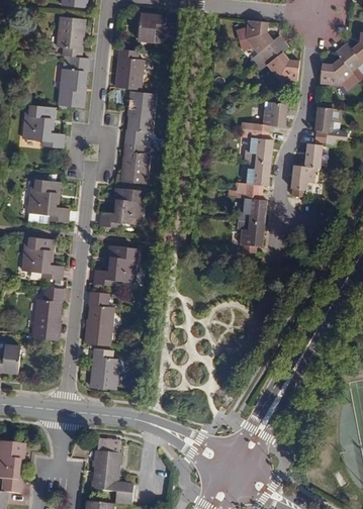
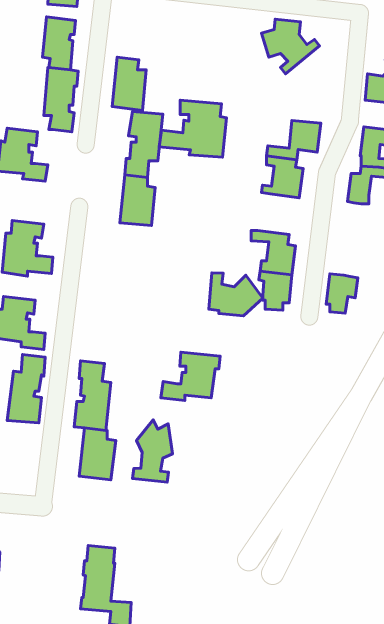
building: [138,13,179,42] -> none
building: [254,39,296,80] -> none
building: none -> [159,100,227,157]
building: [232,158,265,190] -> none
building: [289,163,314,194] -> [326,274,358,313]
building: [100,187,142,226] -> none
building: none -> [209,273,263,316]
building: [93,248,141,287] -> [161,352,220,400]
building: none -> [133,420,172,482]

